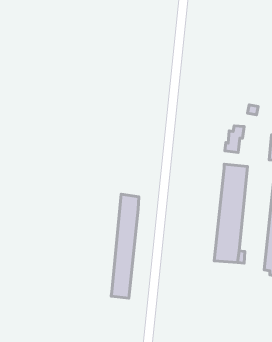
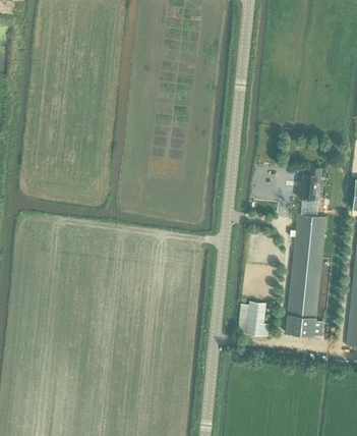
building: [111,194,139,298] -> none
building: none -> [237,302,269,336]

